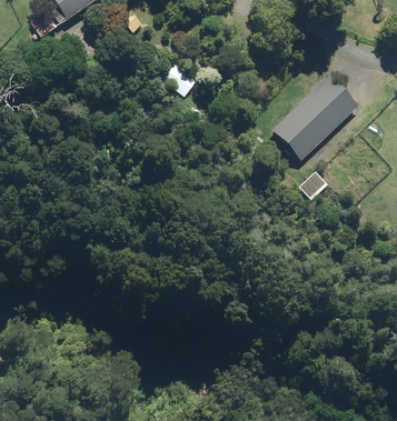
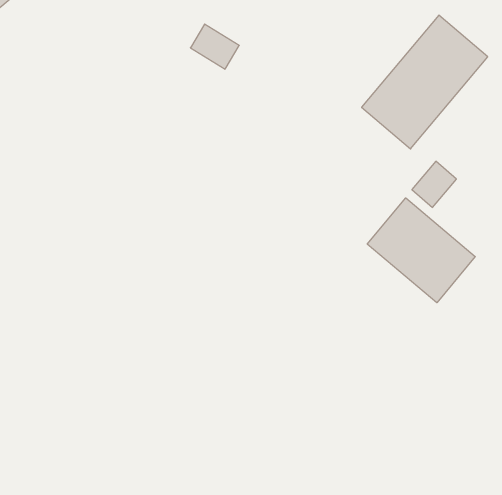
building: none -> [367,198,475,303]

